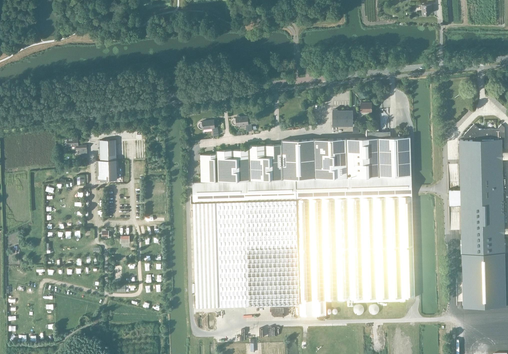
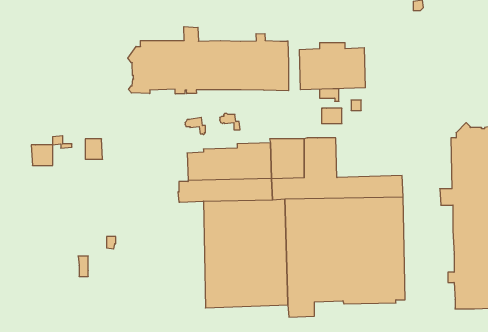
building: none -> [128,27,289,94]
building: [346,133,411,179] -> [299,43,365,90]
building: [96,161,117,181] -> [31,145,53,165]
building: [193,202,218,307] -> none

